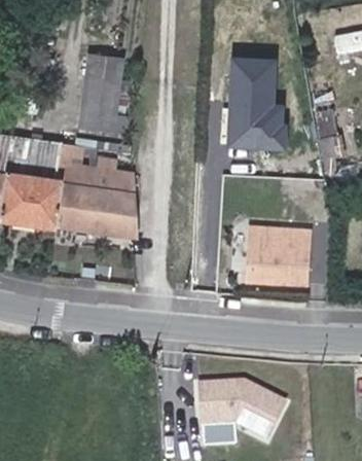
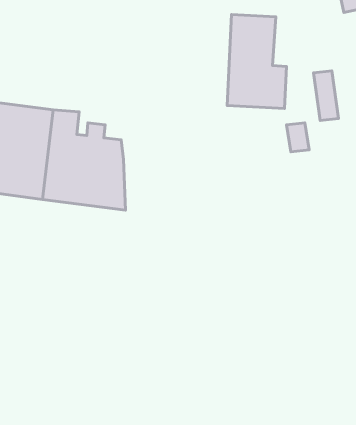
building: [74,61,116,121] -> none
building: [230,229,302,284] -> none
building: [202,380,288,439] -> none

